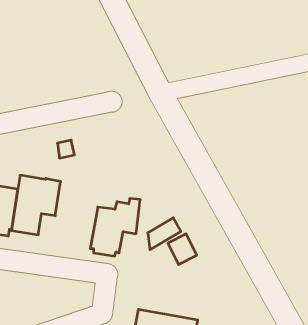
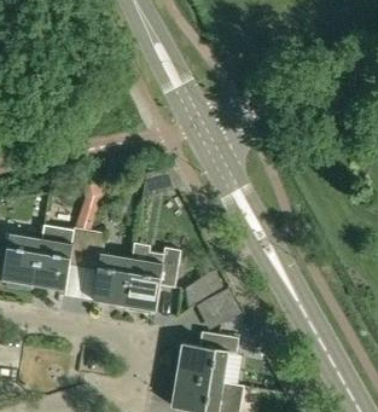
building: none -> [81,230,129,306]
building: none -> [175,332,239,383]

